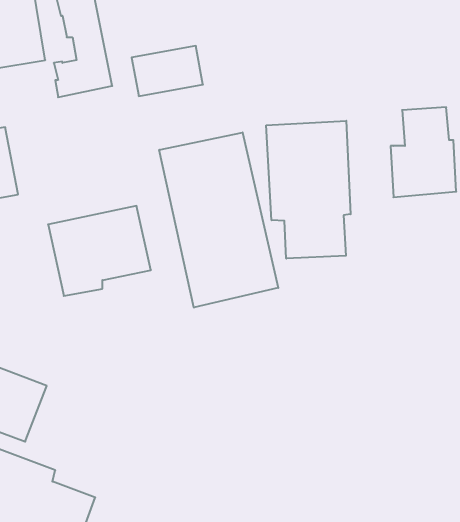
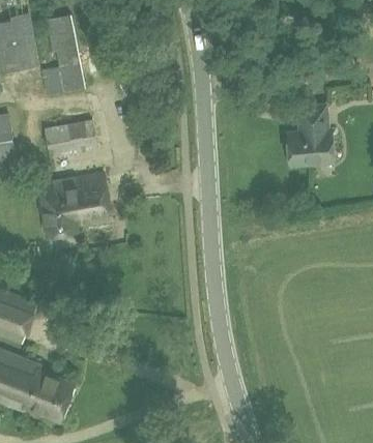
building: [132,46,203,96] -> [45,119,96,155]
building: [266,121,351,259] -> none
building: [159,132,278,308] -> none

